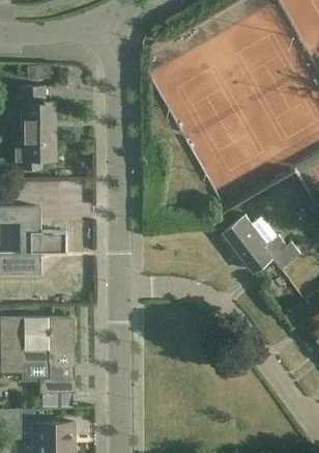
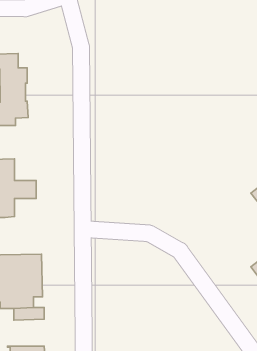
building: [224,215,306,272] -> none

